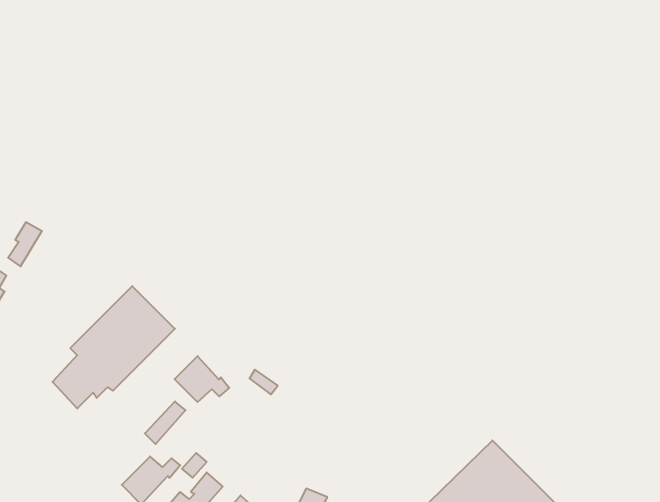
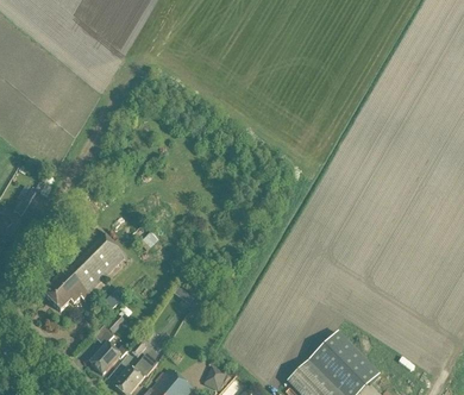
building: [175,356,229,402] -> none

